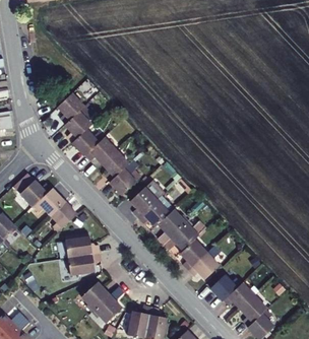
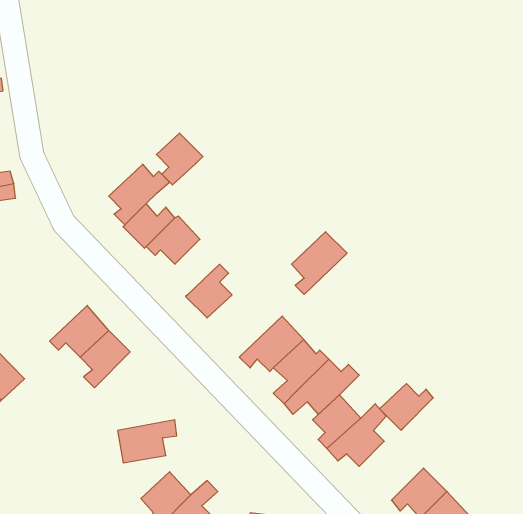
building: [57,96,83,126] -> [156,133,203,185]
building: [102,152,129,184] -> none
building: [18,183,51,211] -> none
building: [131,184,163,219] -> [292,232,347,294]
building: [66,240,102,261] -> none
building: [211,275,242,301] -> [380,384,433,430]

